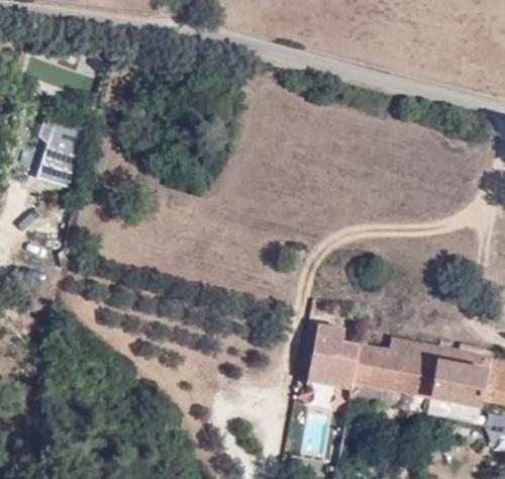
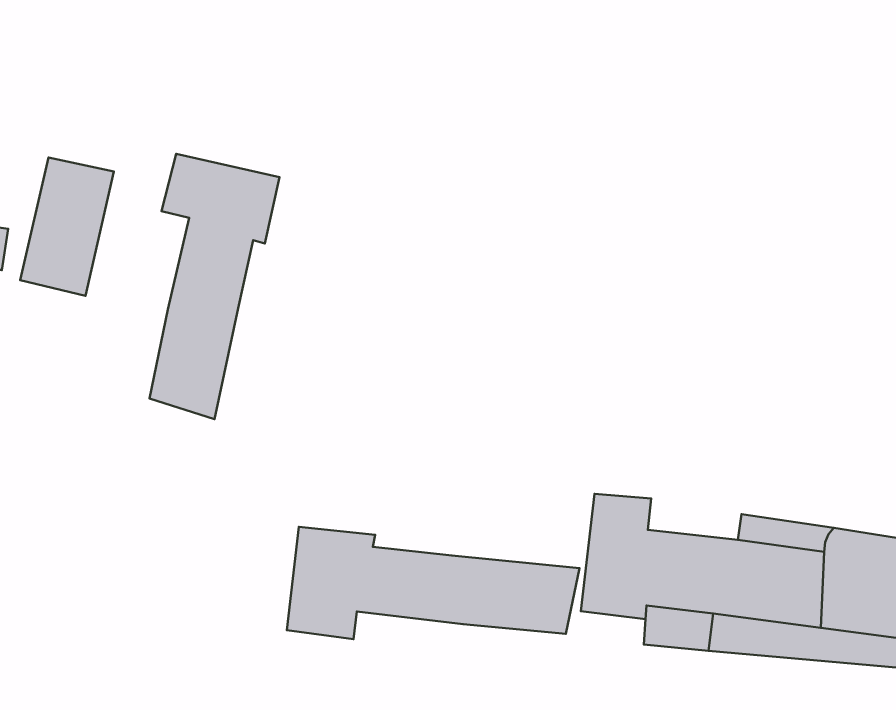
building: none -> [150,154,279,419]
building: none -> [287,527,580,639]

